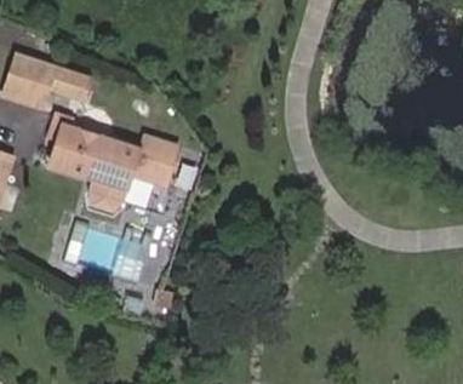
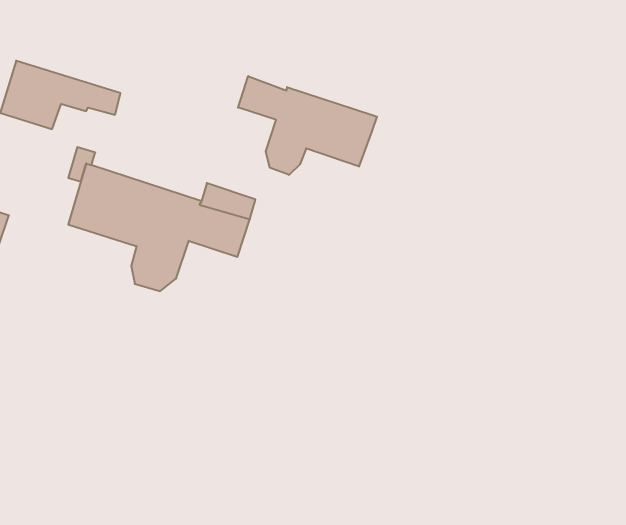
building: none -> [238,76,377,175]

